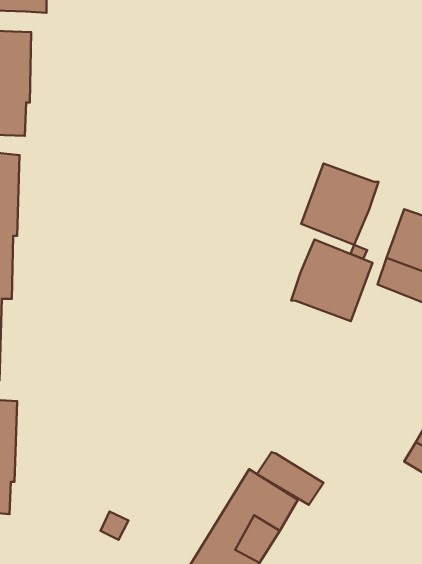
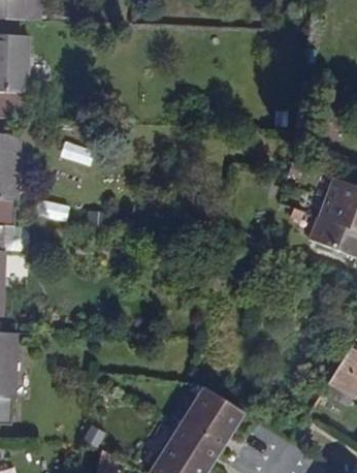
building: [301,163,378,245] -> none
building: [291,240,373,321] -> none
building: [257,452,323,505] -> none

